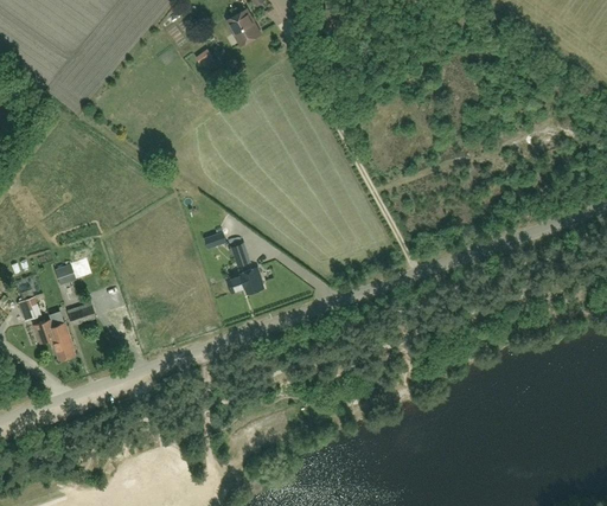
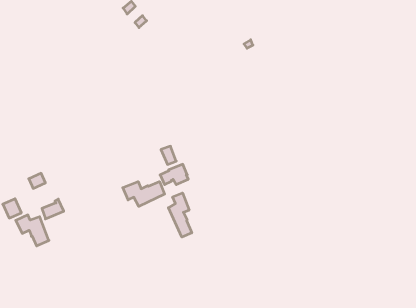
building: none -> [123,182,165,206]
building: none -> [168,193,192,237]

